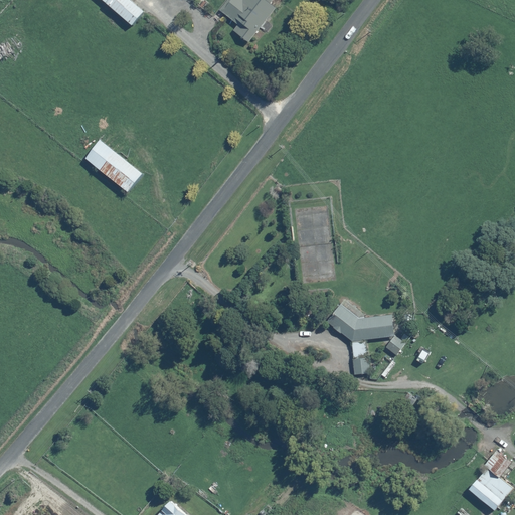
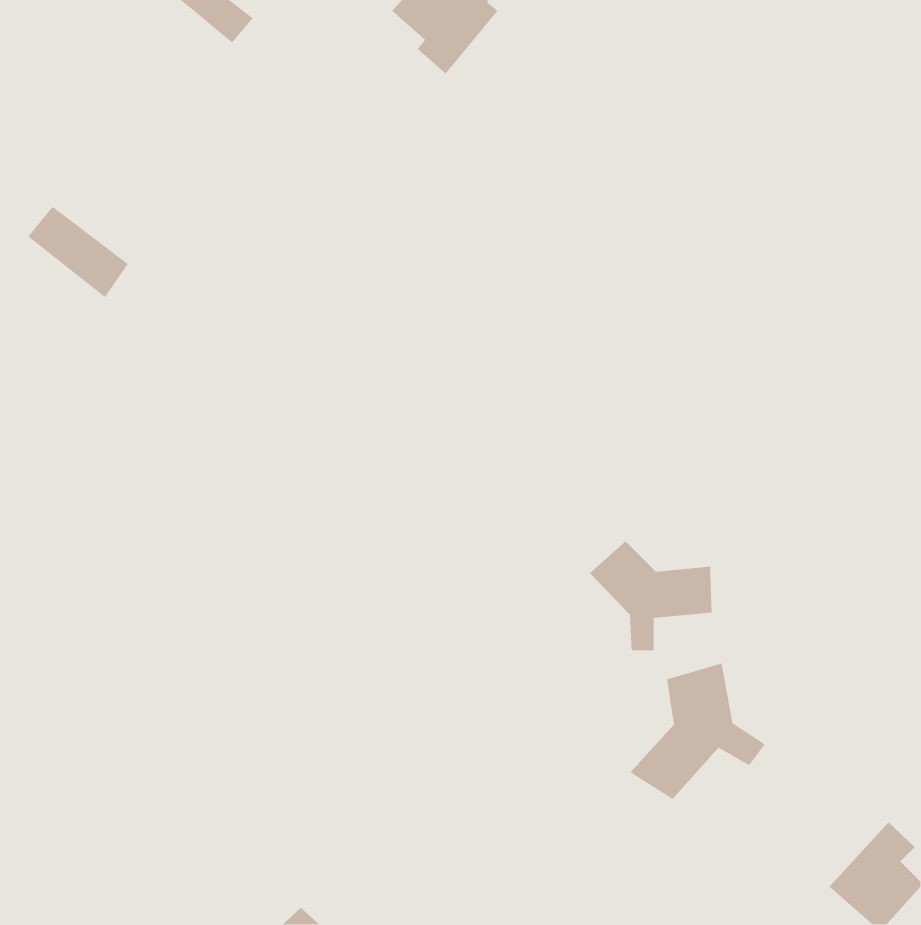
building: [84,138,141,189] -> [27,206,129,298]
building: none -> [630,663,766,800]

